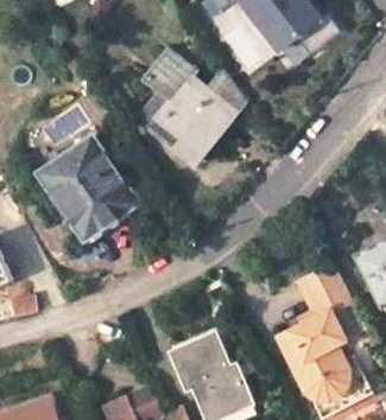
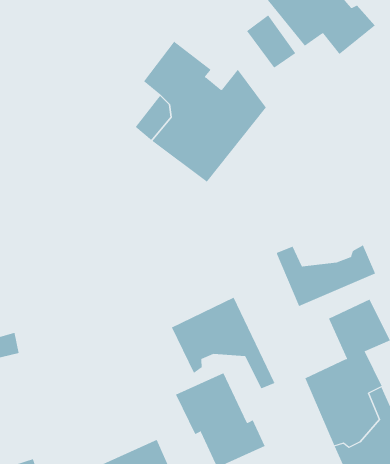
building: [38,139,135,240] -> none
building: none -> [275,245,376,307]
building: none -> [171,297,276,389]

